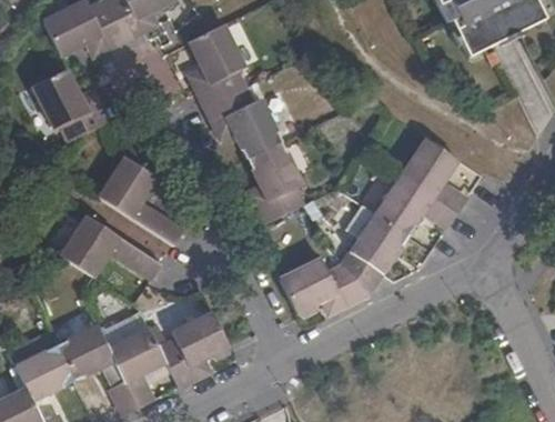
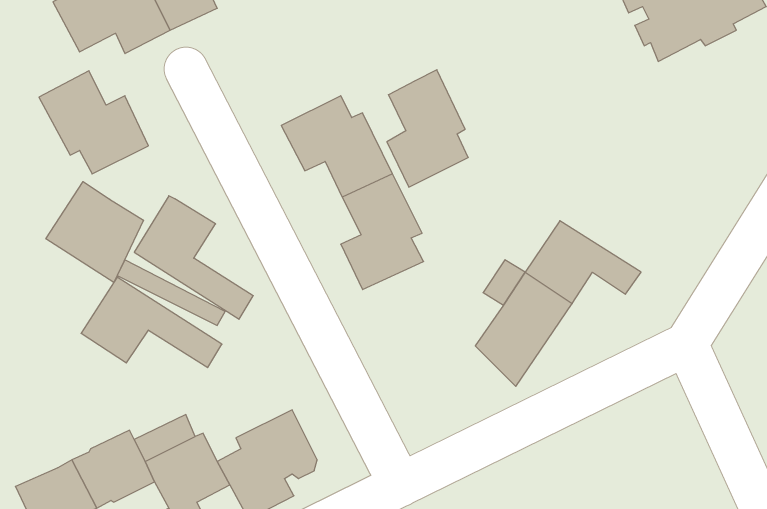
building: [188,24,245,108] -> [387,70,468,187]
building: [401,138,467,212] -> none
building: none -> [46,182,143,282]
building: [279,257,370,316] -> none

